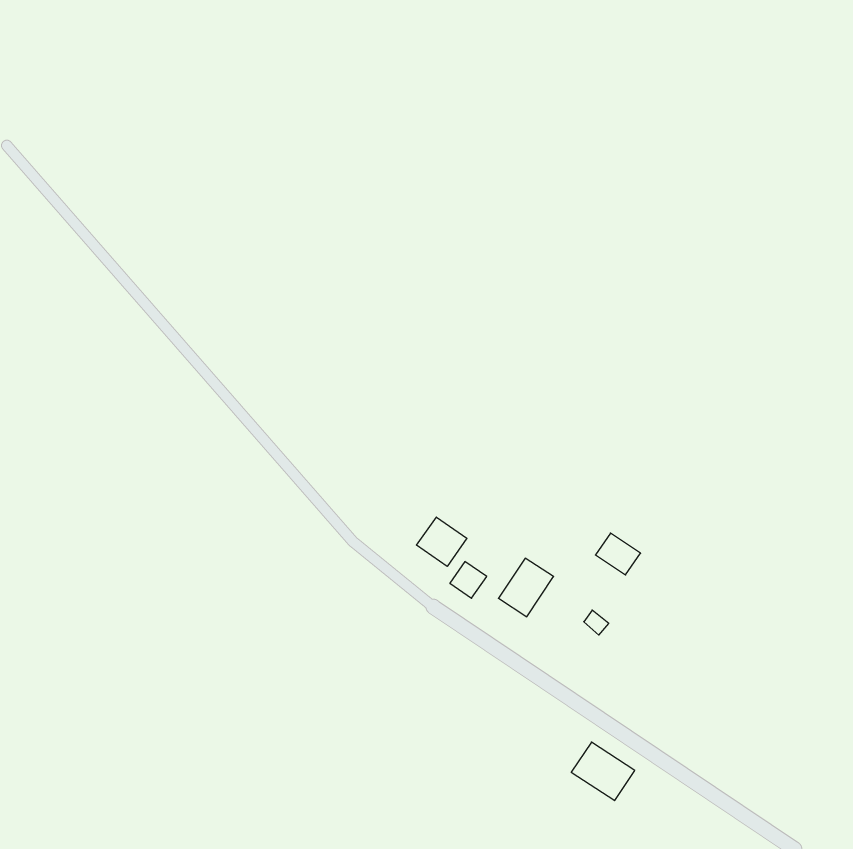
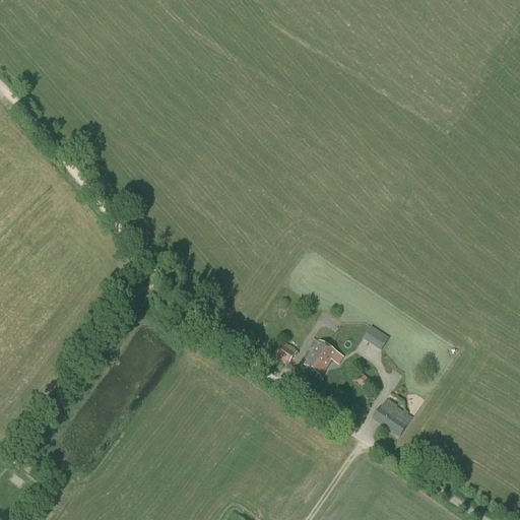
building: [416,517,467,566] -> none
building: [571,742,635,801] -> [374,399,412,435]

